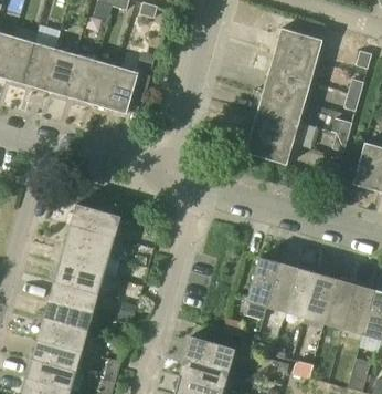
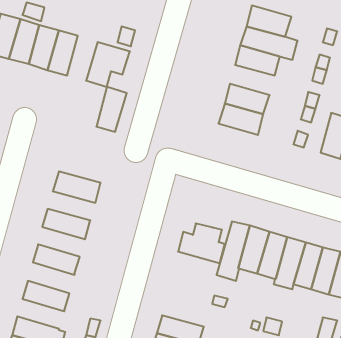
building: [85,60,117,107] -> [96,87,127,132]
building: [257,91,305,123] -> none
building: [64,225,115,256] -> none
building: [54,262,104,294] -> none
building: [43,300,98,334] -> none
building: [185,326,235,369] -> [178,223,225,263]
building: [32,339,82,371] -> none

